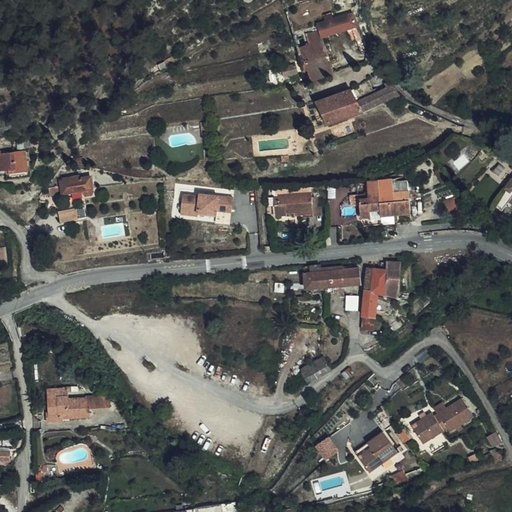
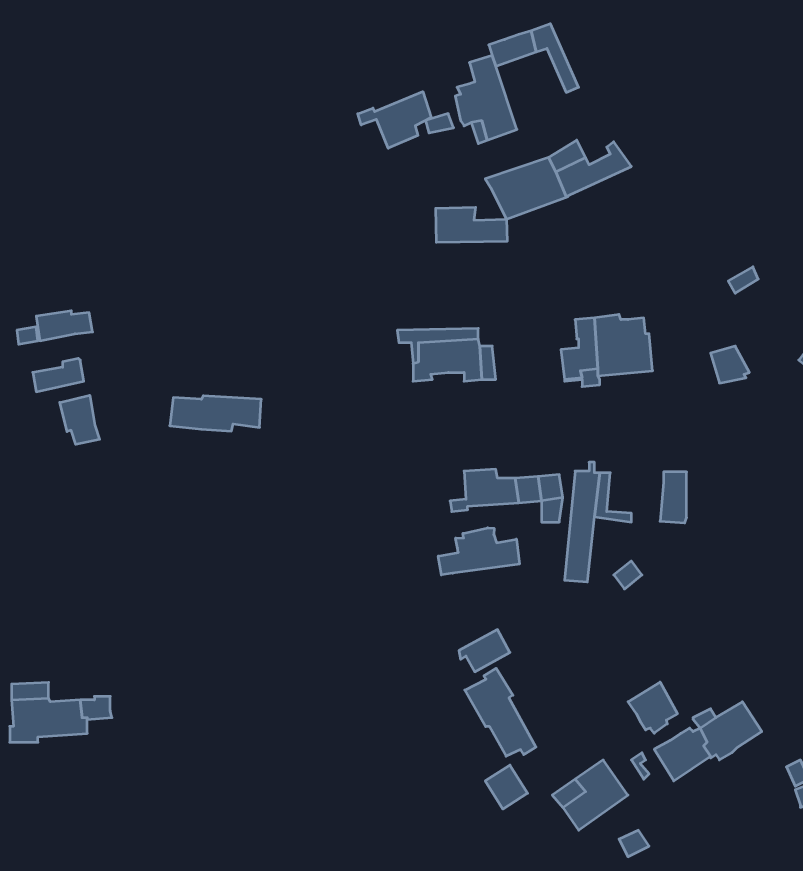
building: none -> [358,92,431,148]
building: none -> [436,207,507,242]
building: [181,195,233,215] -> [170,396,261,431]
building: none -> [60,395,100,444]
building: [384,263,399,292] -> [660,472,687,523]
building: none -> [438,528,519,575]
building: none -> [465,668,536,756]
building: none -> [628,682,677,733]

